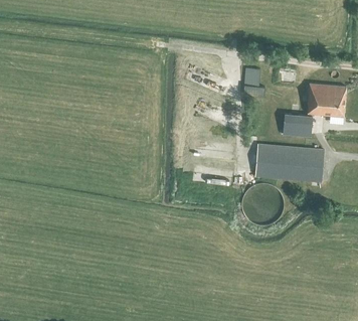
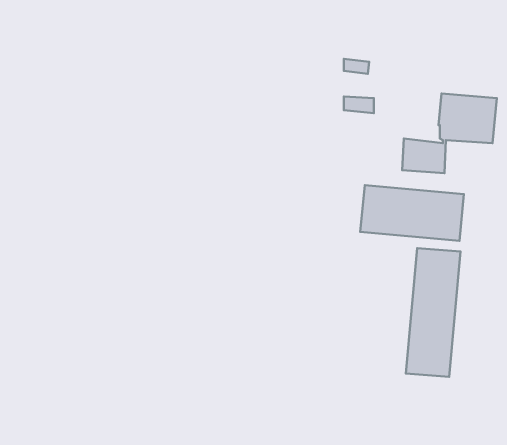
building: none -> [406,248,460,377]

